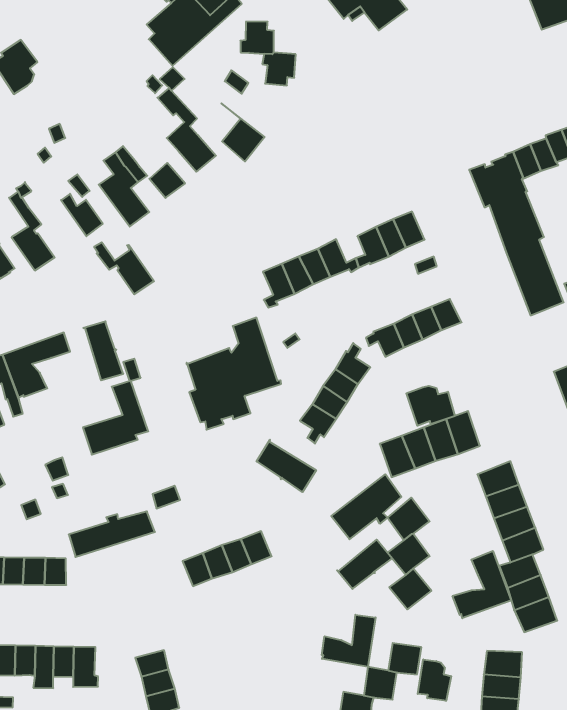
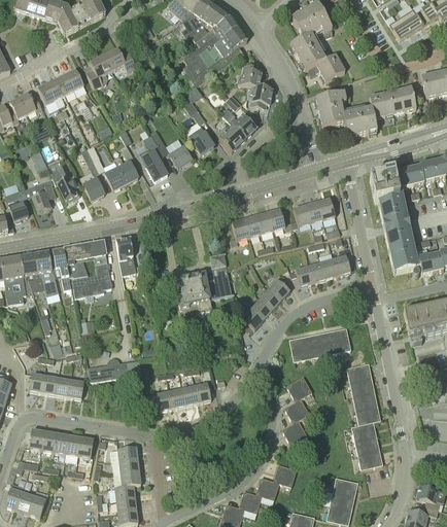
building: none -> [315,87,416,138]
building: none -> [103,48,136,72]
building: none -> [217,105,256,138]
building: [94,242,154,294] -> [92,154,126,189]
building: [83,381,148,455] -> [71,253,111,295]
building: [406,386,455,426] -> none
building: [257,440,316,492] -> none
building: [331,474,401,539] -> none
building: [337,540,392,589] -> none
building: [453,551,511,618] -> none
building: [322,615,376,667] -> none
building: [418,659,451,701] -> none

